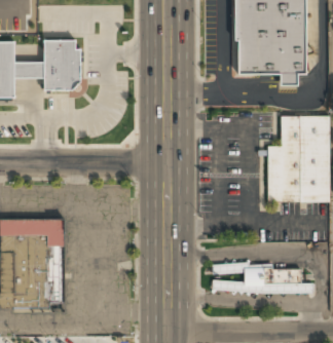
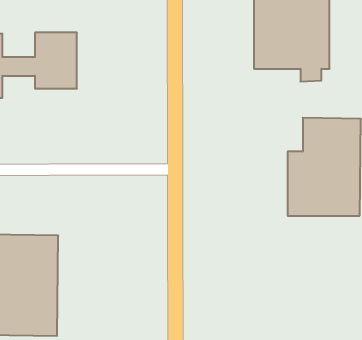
building: [212,266,313,294] -> none

